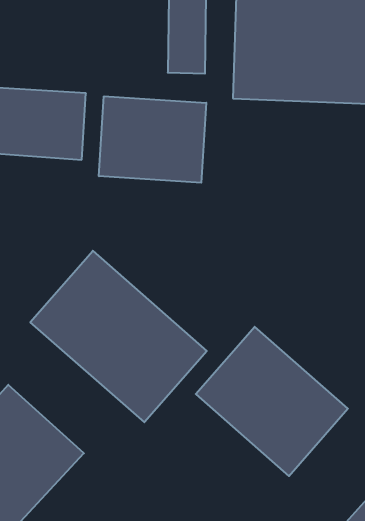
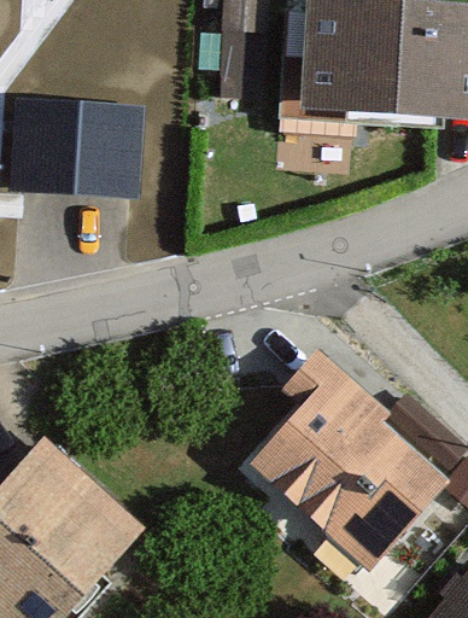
building: [99,96,206,183] -> none
building: [30,251,207,422] -> none

